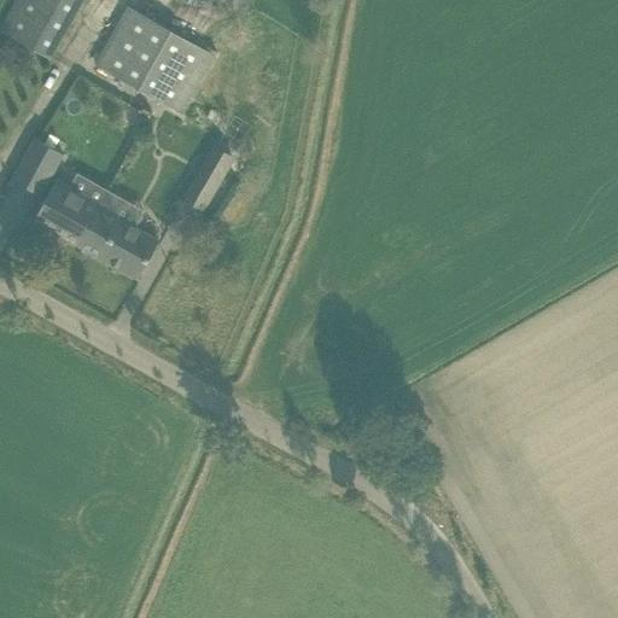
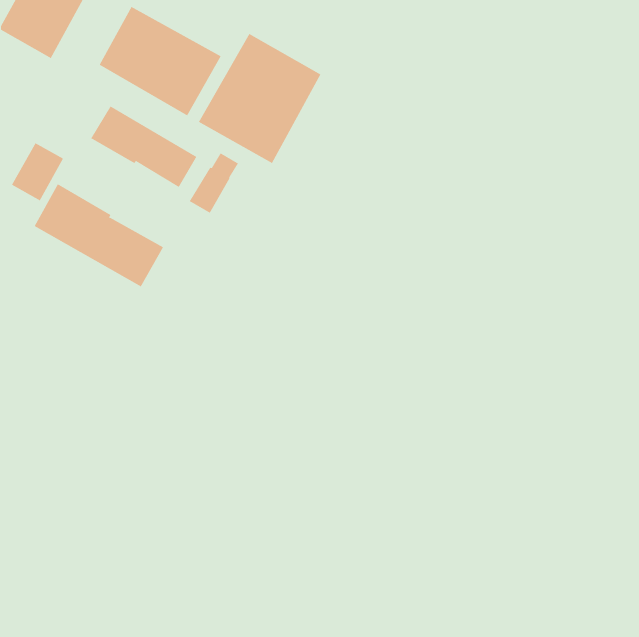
building: none -> [198,33,321,164]
building: none -> [91,106,197,188]

